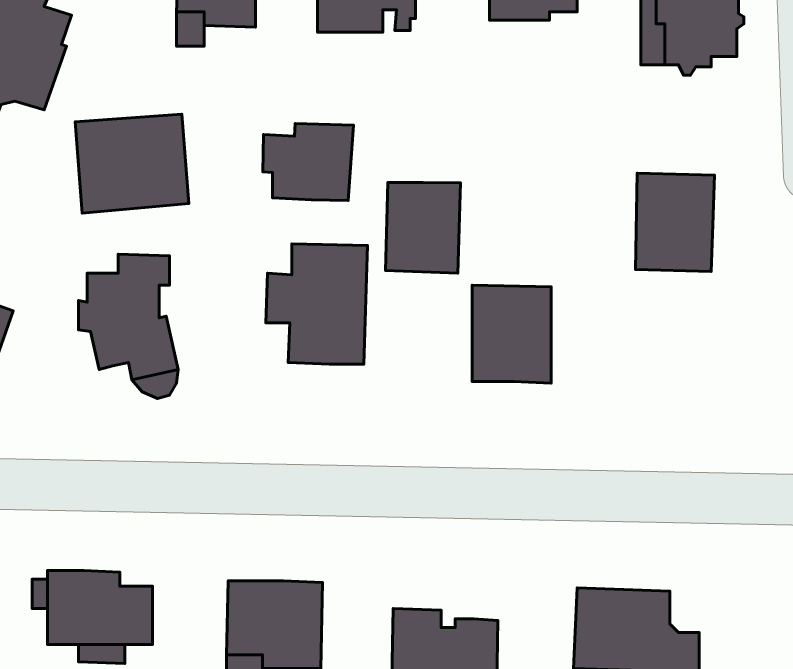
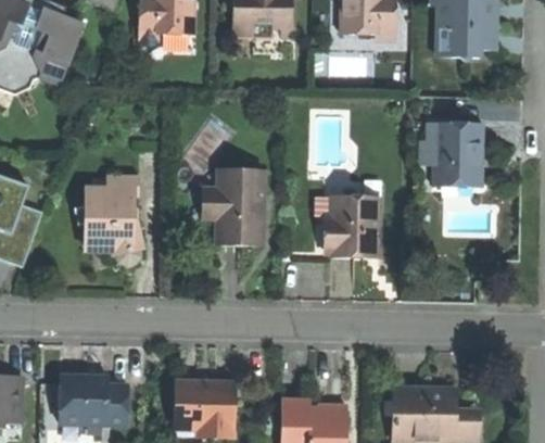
building: [75,114,189,213] -> none
building: [263,124,353,200] -> none
building: [385,182,460,273] -> none

